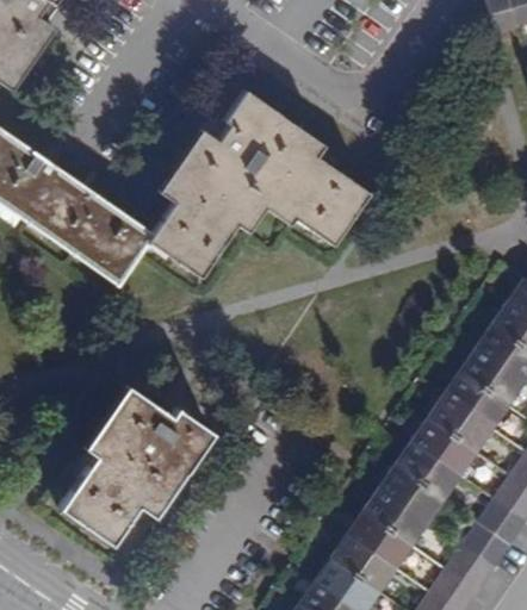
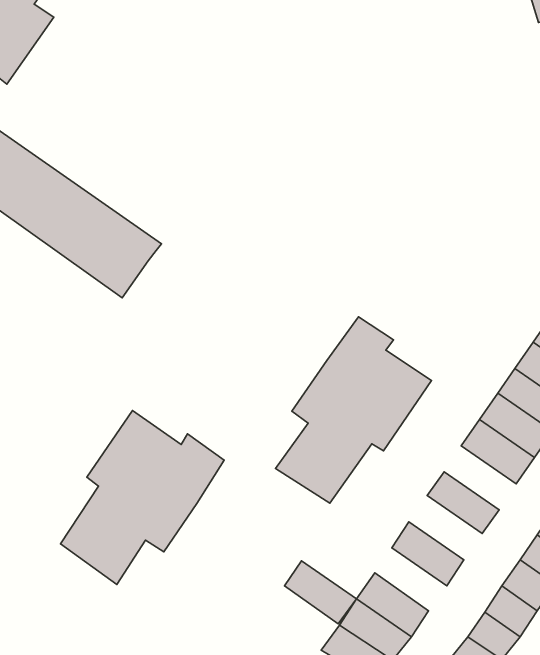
building: [149,89,370,275] -> none
building: none -> [276,317,432,503]
building: [411,418,477,477] -> none
building: [379,463,446,522] -> none
building: [348,511,414,568] -> [284,561,357,624]

